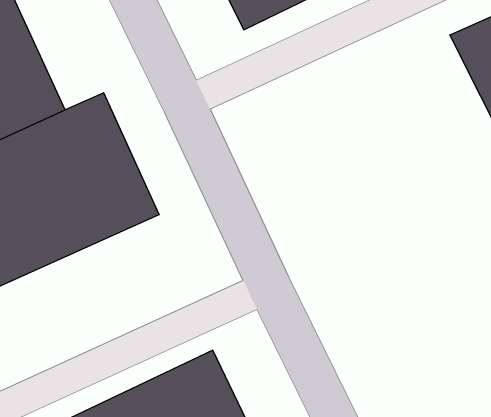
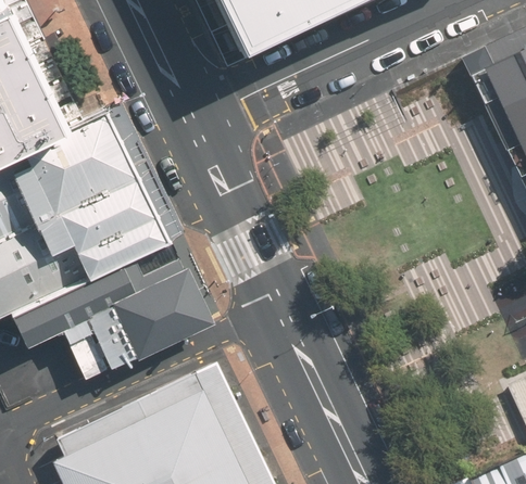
building: none -> [10,256,206,375]

